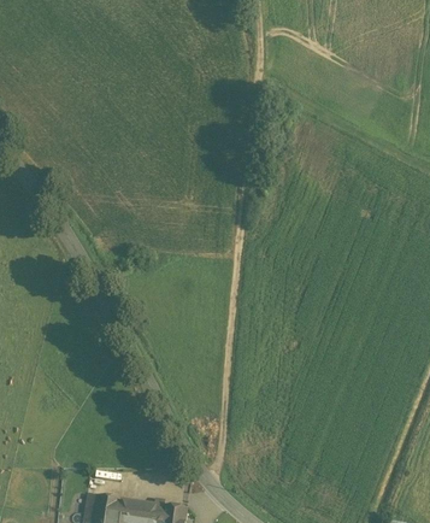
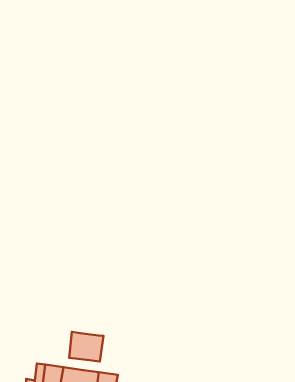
building: none -> [69,332,103,362]

